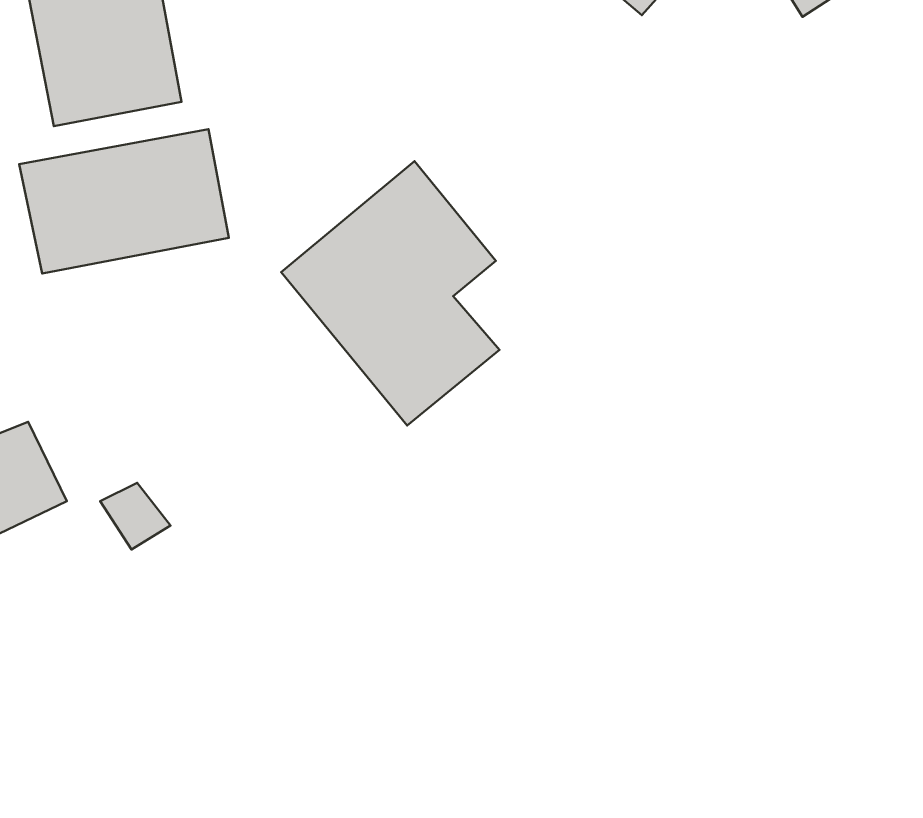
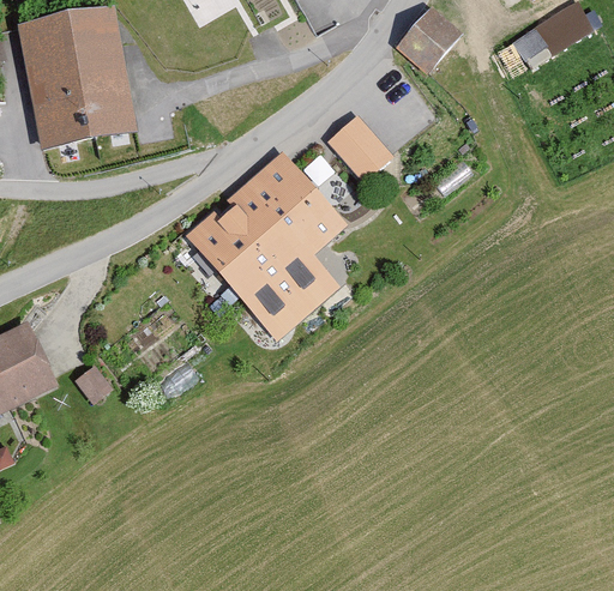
building: none -> [330,117,389,177]
building: [19,129,229,273] -> none

